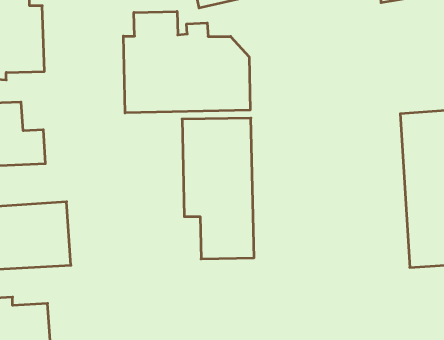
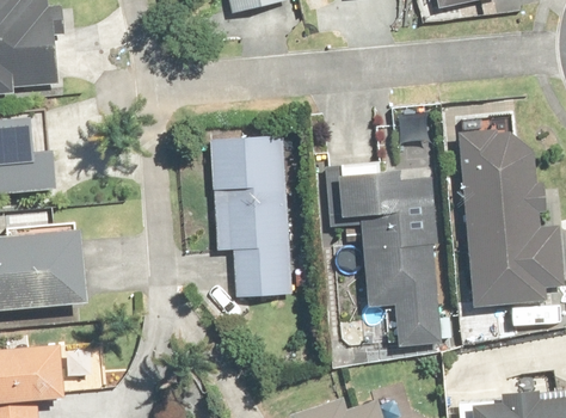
building: [123,11,250,113] -> none
building: none -> [340,164,441,346]

